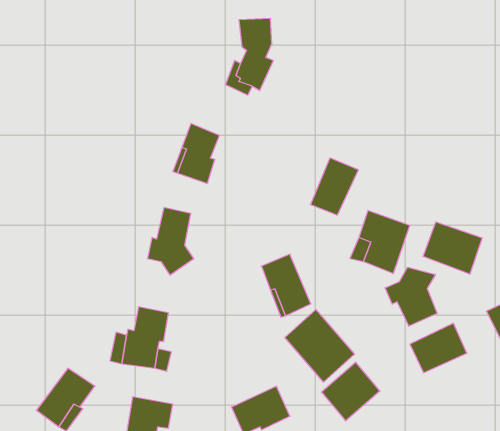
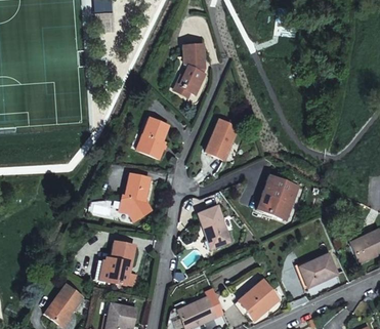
building: [310,158,358,215] -> [206,119,239,158]
building: [423,222,482,274] -> none
building: [385,267,437,326] -> none
building: [285,310,355,382] -> none

